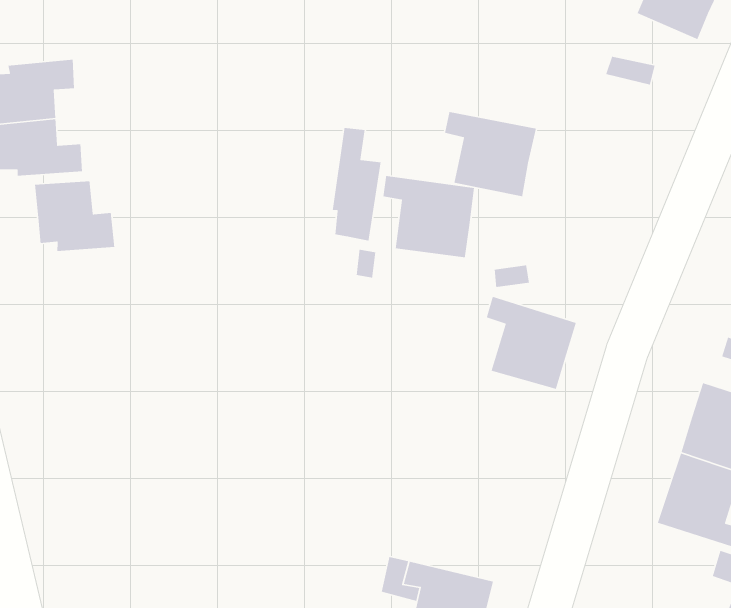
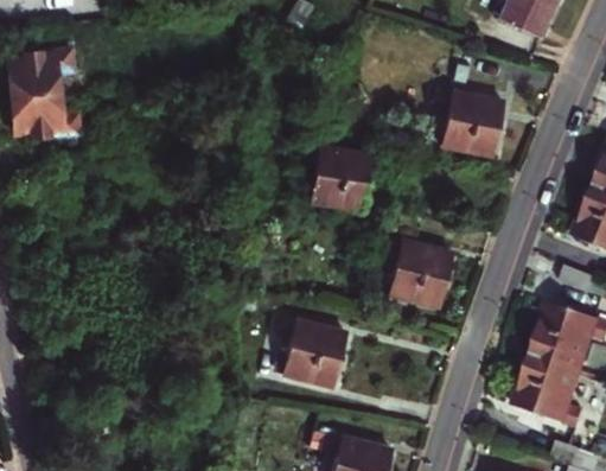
building: [444,111,537,197] -> [434,88,504,153]
building: [332,127,382,241] -> none
building: [34,180,115,252] -> none
building: none -> [276,316,347,386]

